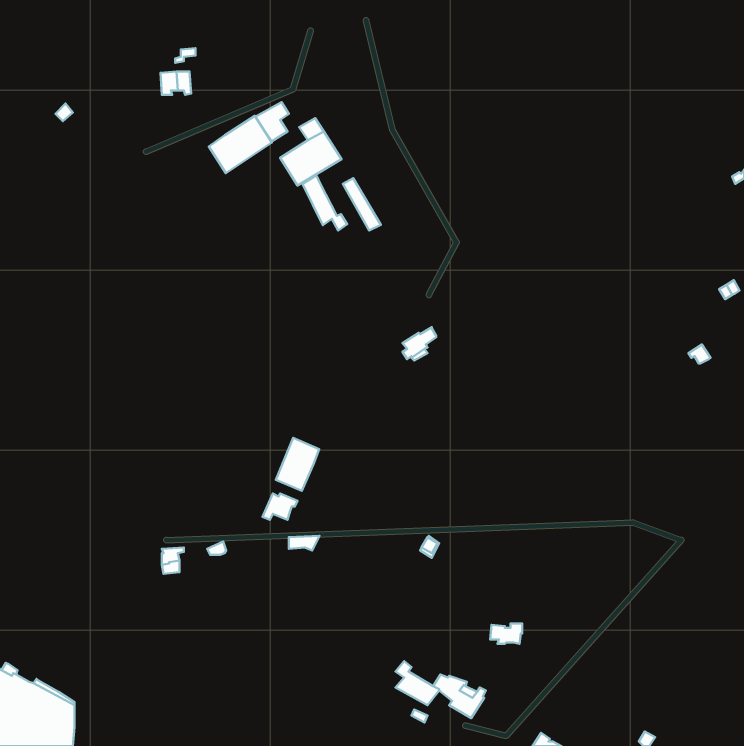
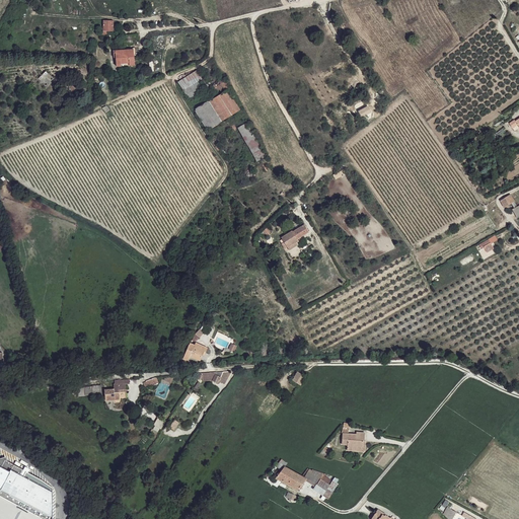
building: [209,116,272,173] -> none
building: [303,176,347,230] -> none
building: [276,438,319,491] -> none

